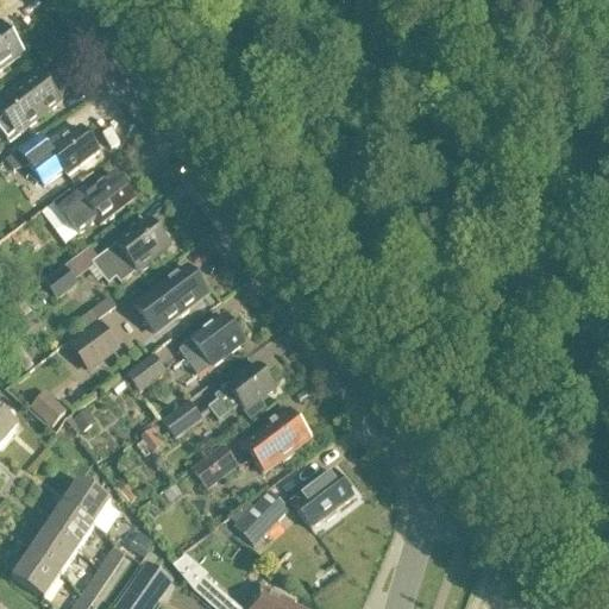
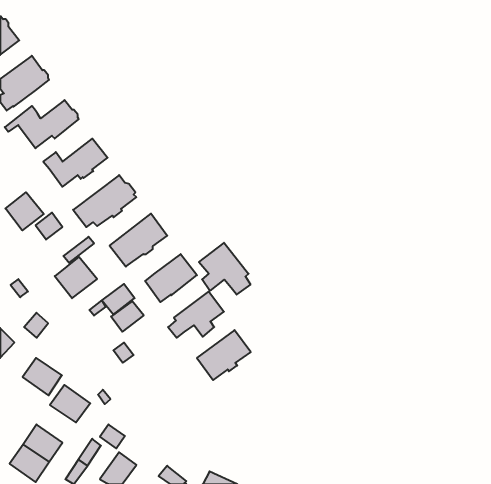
building: none -> [5,192,44,230]
building: none -> [199,243,250,295]
building: [162,398,202,437] -> [111,301,144,332]
building: [190,441,238,488] -> none
building: [291,469,353,526] -> none
building: [231,486,289,544] -> none
building: [45,501,94,547] -> [23,358,62,395]

